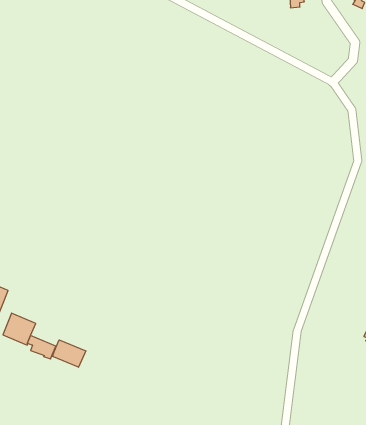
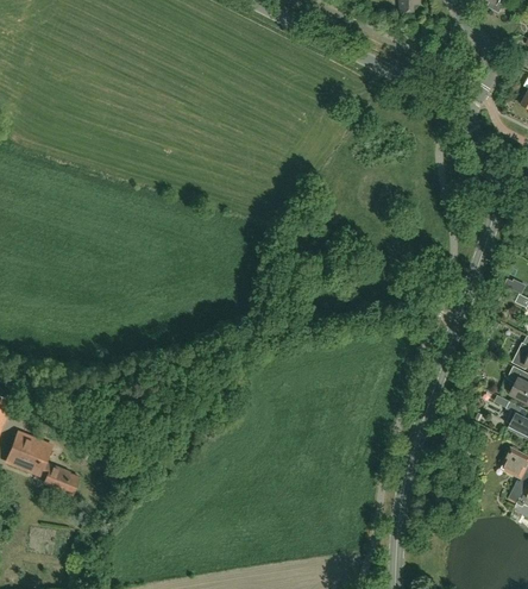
building: [52,340,86,367] -> none

